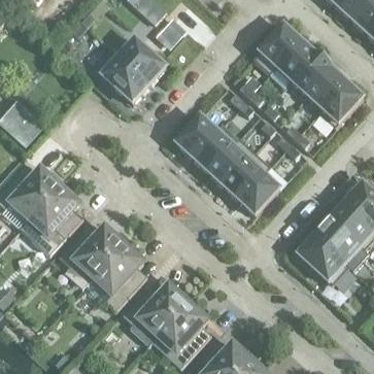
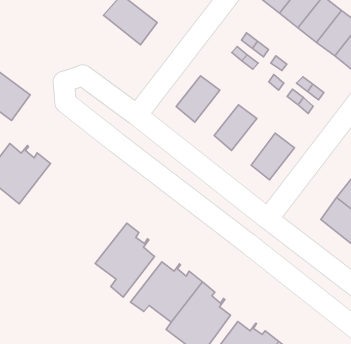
building: [101,56,148,102] -> none
building: [192,131,232,171] -> none
building: [223,159,263,200] -> none
building: [21,184,82,253] -> none
building: [58,223,124,278] -> none

